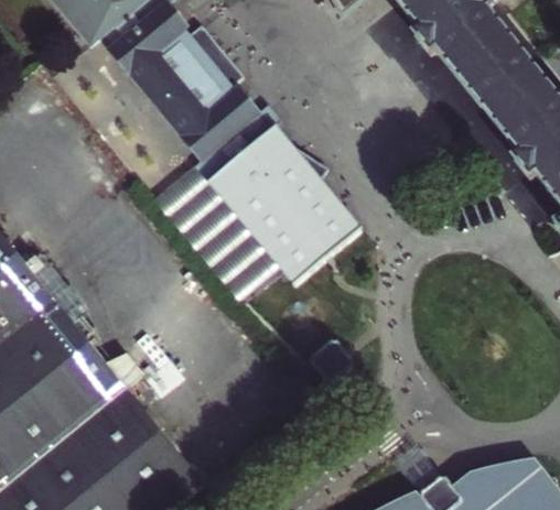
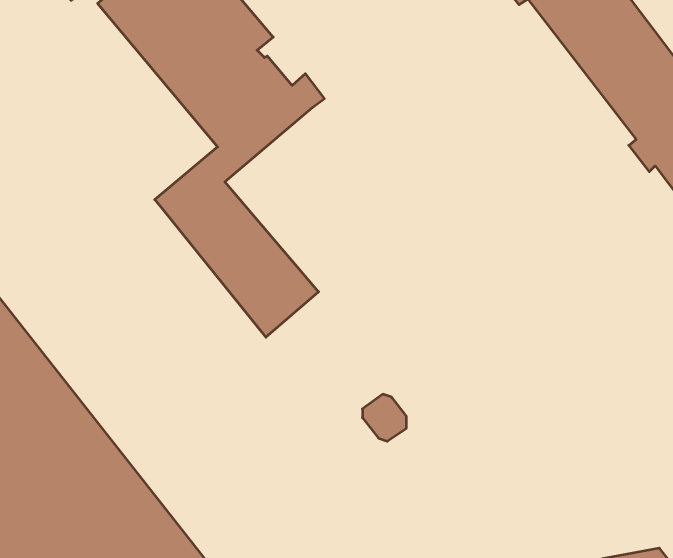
building: [206,128,356,282] -> none

